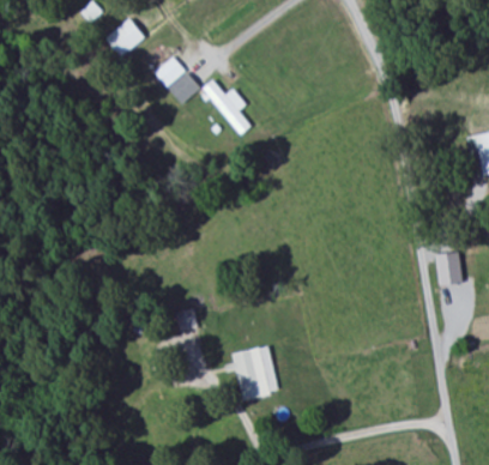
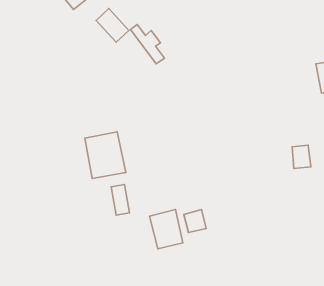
building: none -> [85,132,126,178]
building: none -> [184,210,206,233]

